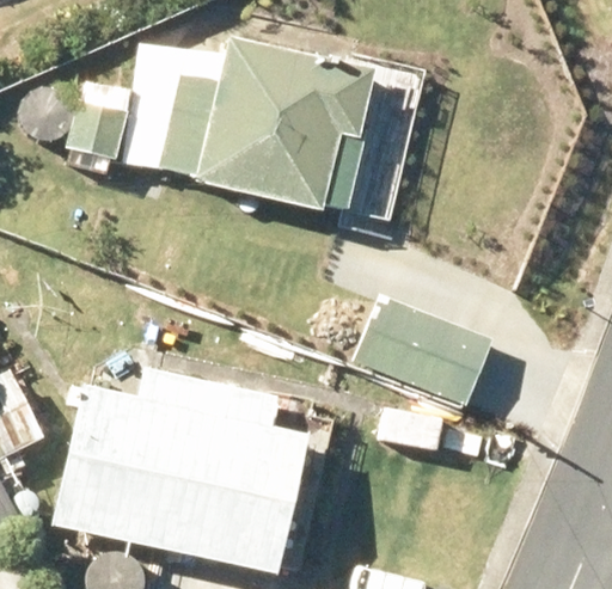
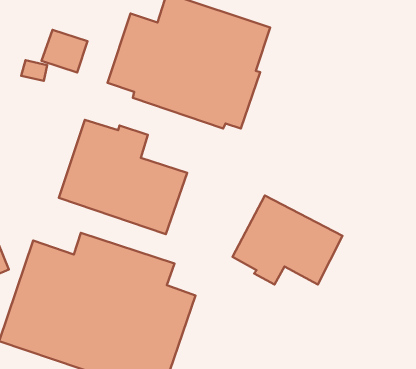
building: none -> [59,120,187,234]

